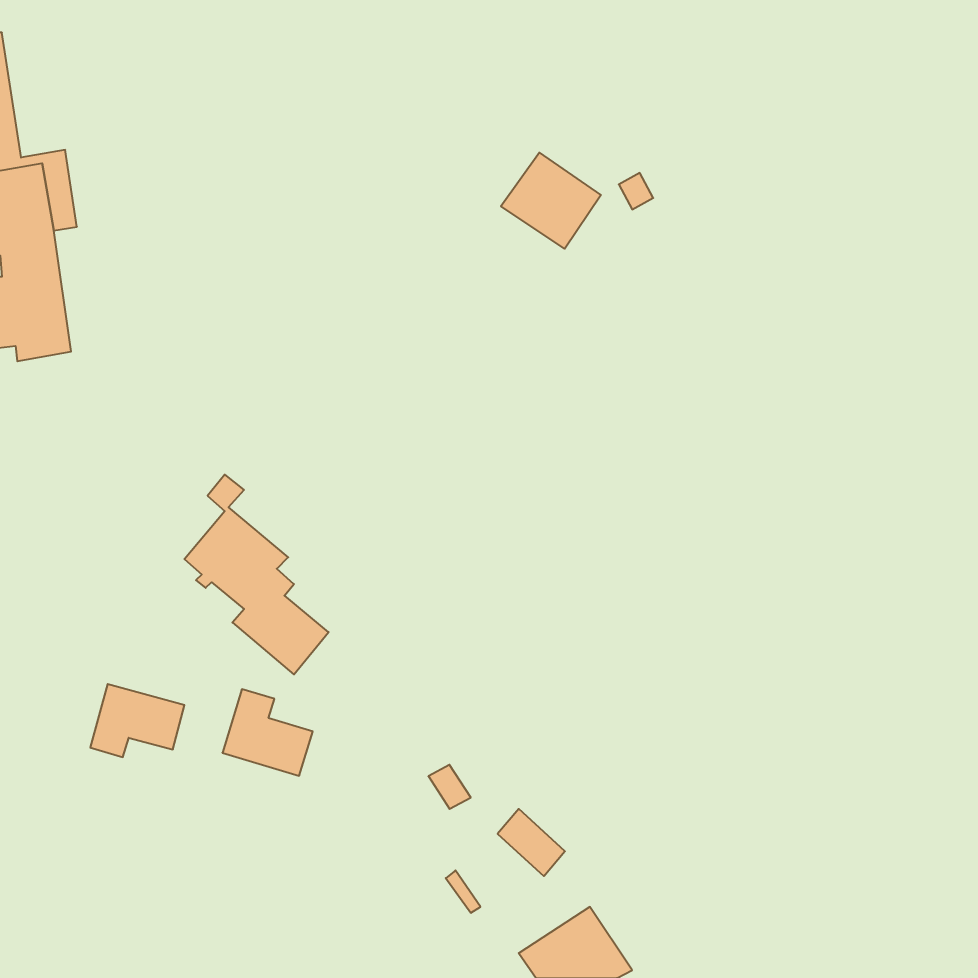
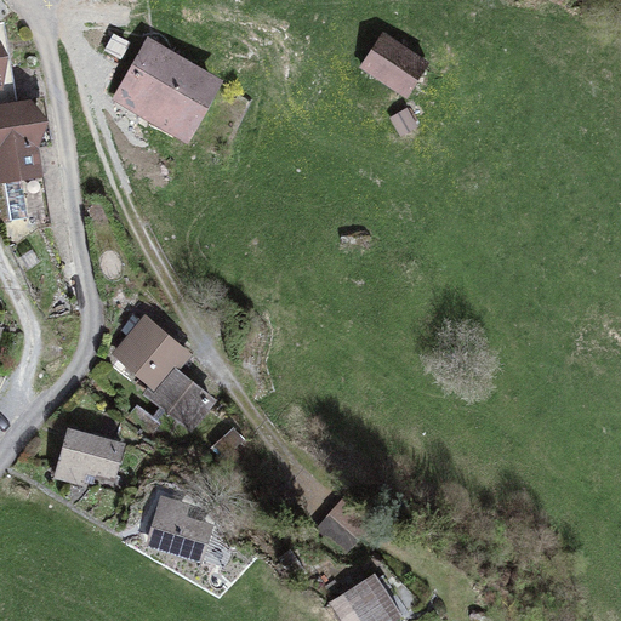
building: none -> [115,45,212,137]
building: [501,153,601,249] -> [359,30,422,91]
building: [222,689,313,776] -> [149,500,206,554]

